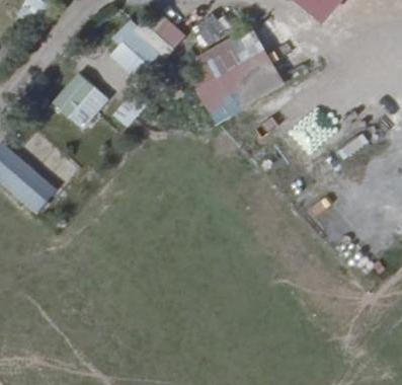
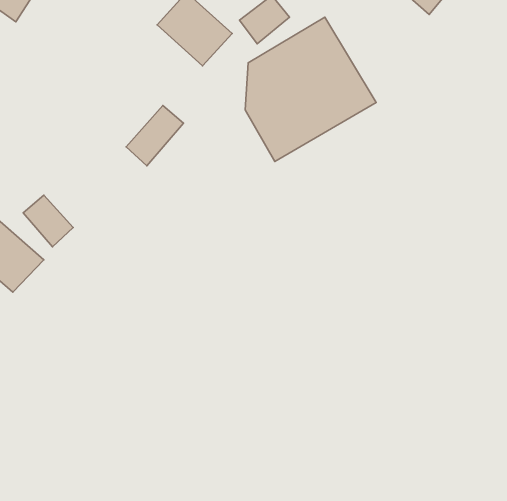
building: [109,29,158,78] -> none
building: [53,73,109,129] -> none

